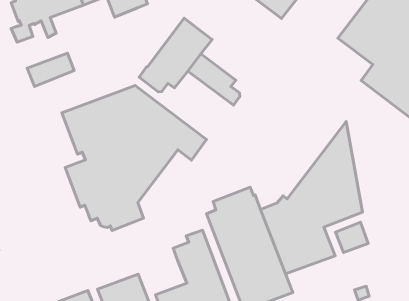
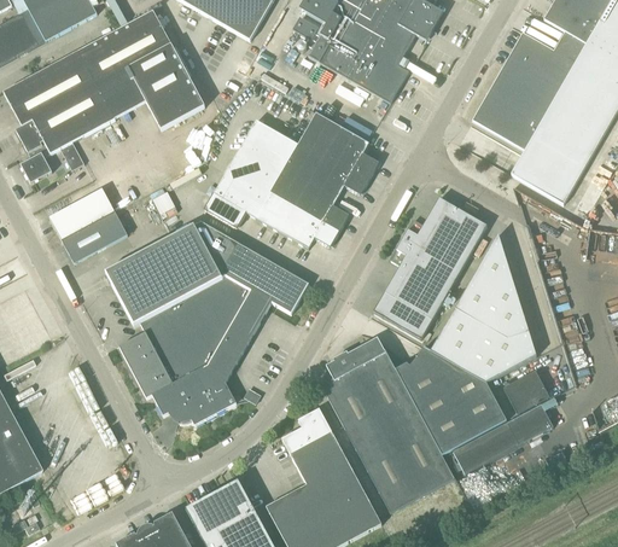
building: none -> [286,112,378,196]
building: none -> [63,211,128,263]
building: none -> [256,192,340,248]
building: none -> [374,197,488,339]
building: none -> [454,405,553,473]

